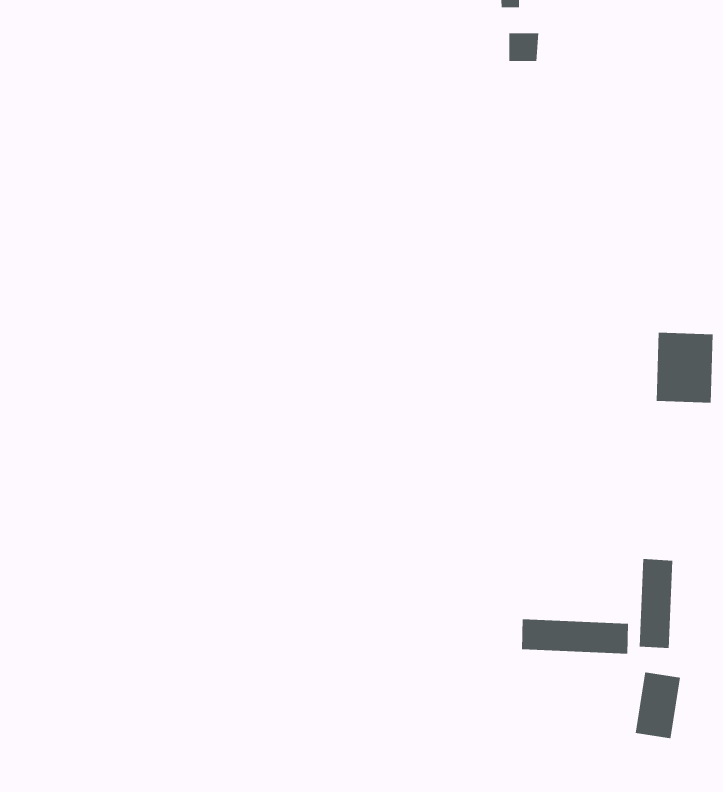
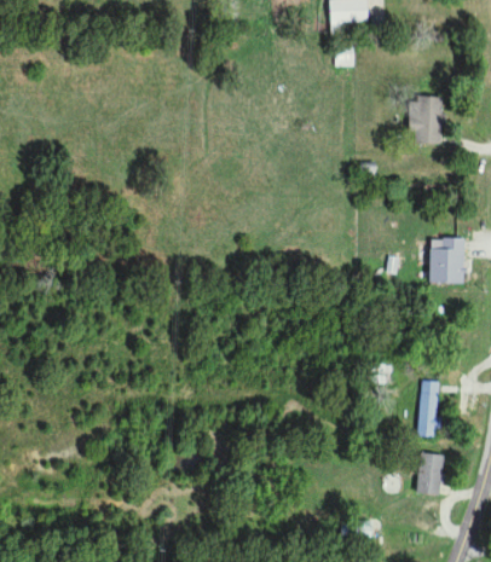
building: none -> [409,97,443,144]
building: [521,618,628,655] -> none

